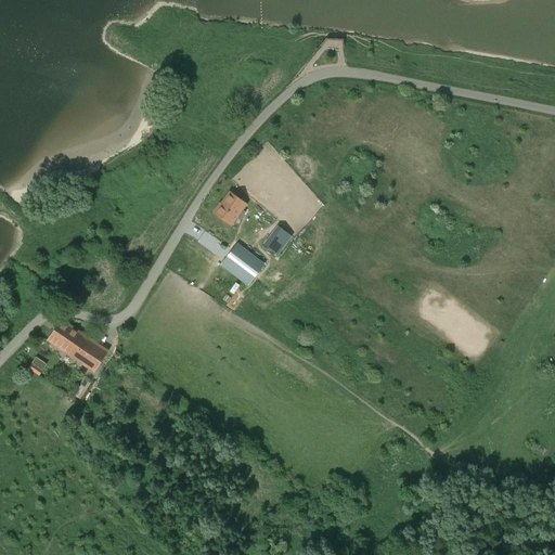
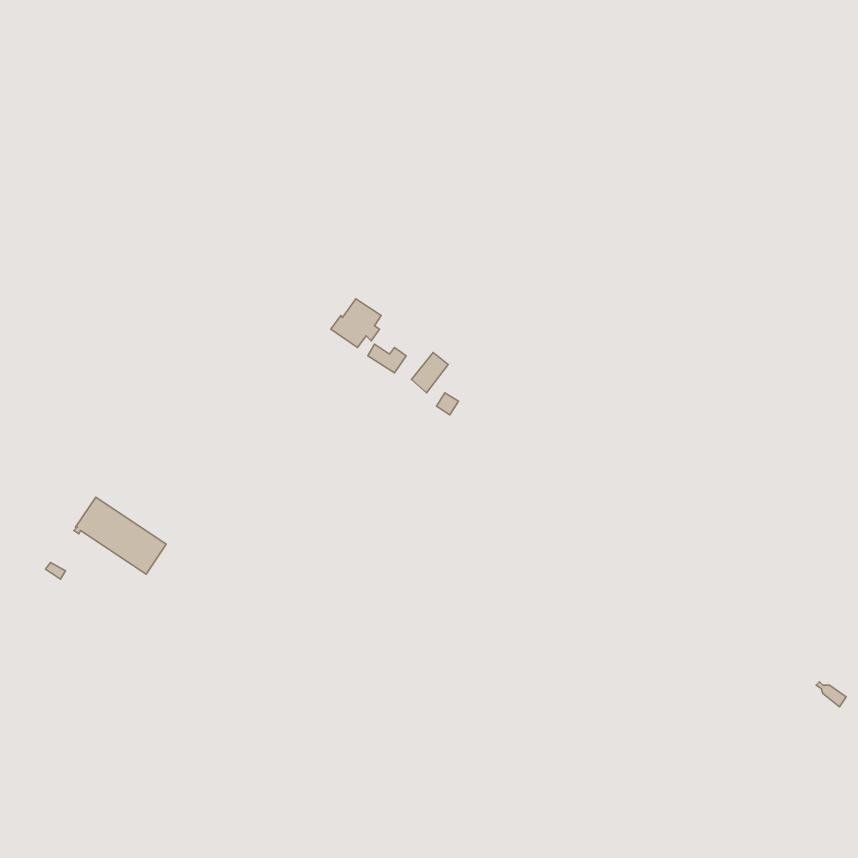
building: [222,245,262,284] -> none

